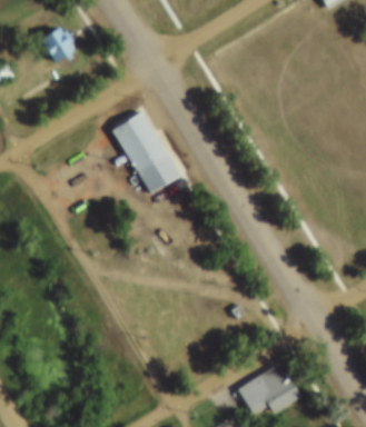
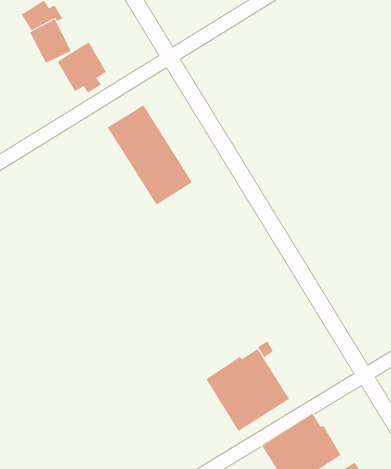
building: none -> [57,42,107,93]
building: none -> [206,348,290,432]

